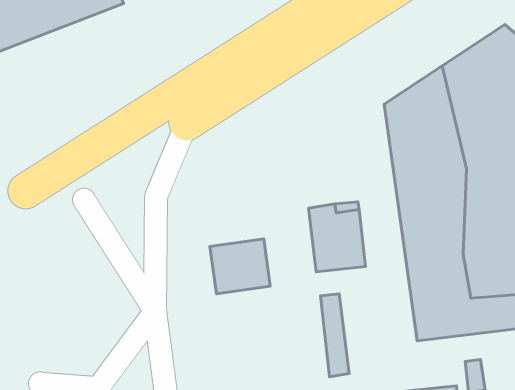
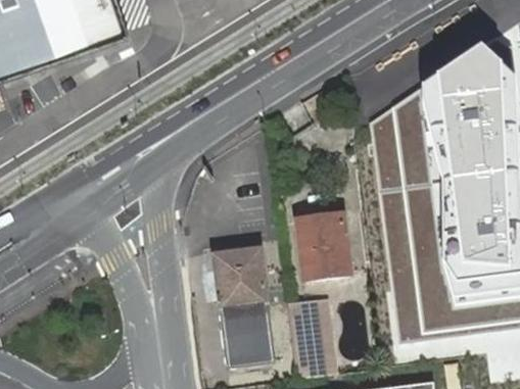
building: none -> [215,291,275,369]
building: none -> [290,300,320,378]

